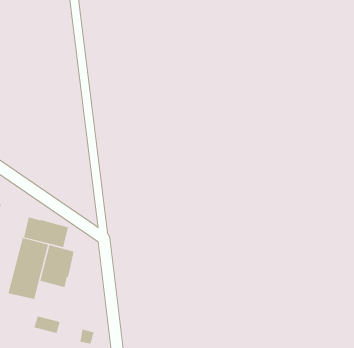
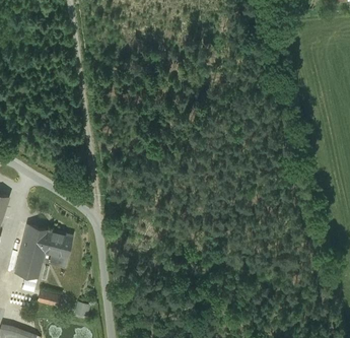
building: [24,217,69,248] -> none

